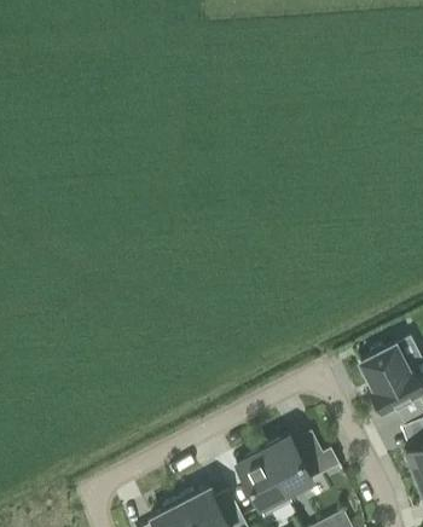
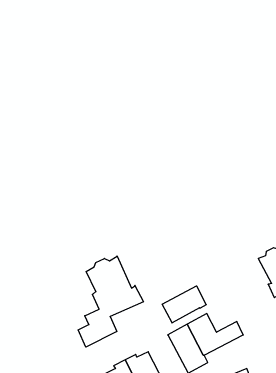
building: none -> [78,256,143,347]
building: none -> [162,286,206,323]

